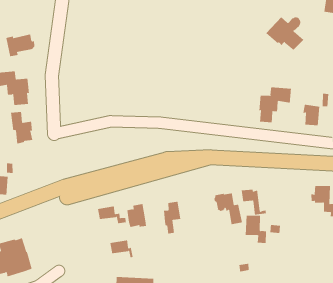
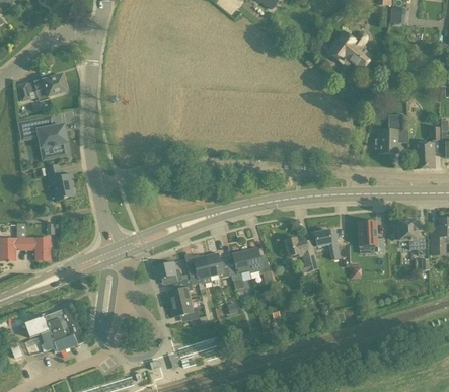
building: [259,87,291,123] -> none
building: none -> [244,247,272,281]
building: none -> [205,253,230,278]
building: [245,215,267,244] -> [358,221,384,252]
building: none -> [167,279,193,304]

